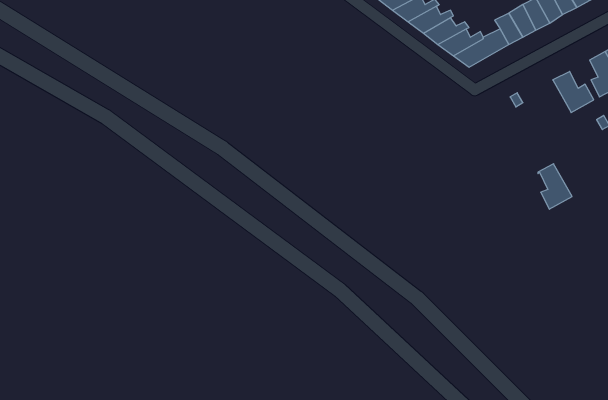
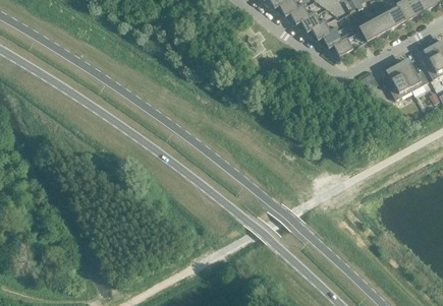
building: [538,164,572,209] -> [388,66,412,99]

